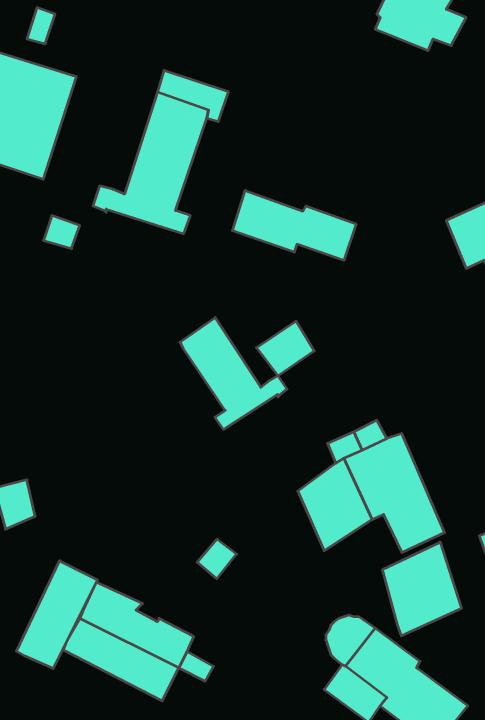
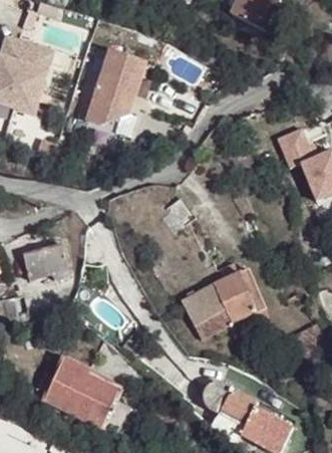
building: [232,190,356,260] -> none
building: [180,317,287,429] -> none
building: none -> [23,243,70,278]
building: [383,542,461,636] -> none
building: [16,561,97,669] -> none

